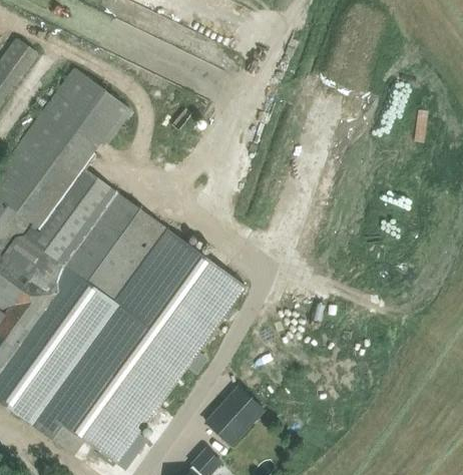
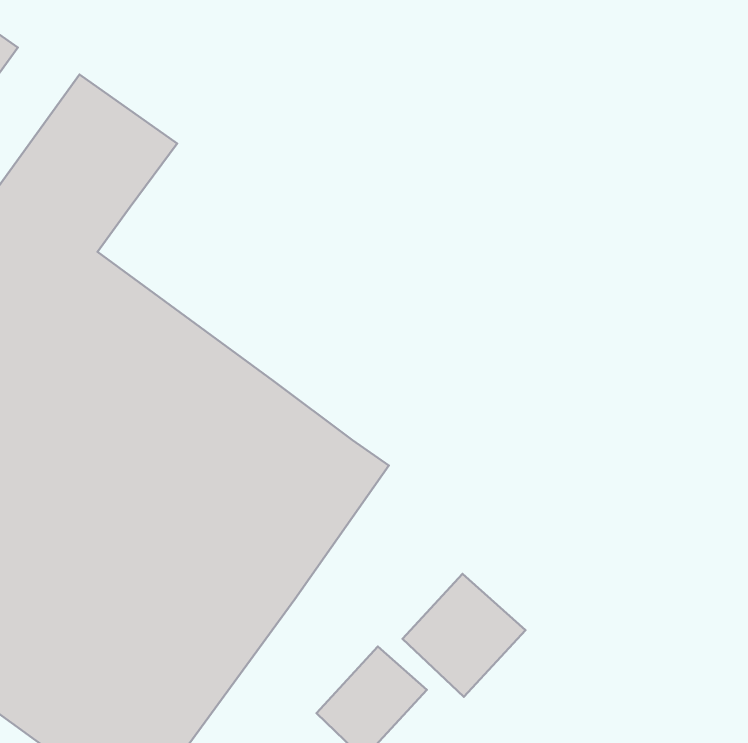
building: none -> [403,574,525,697]

